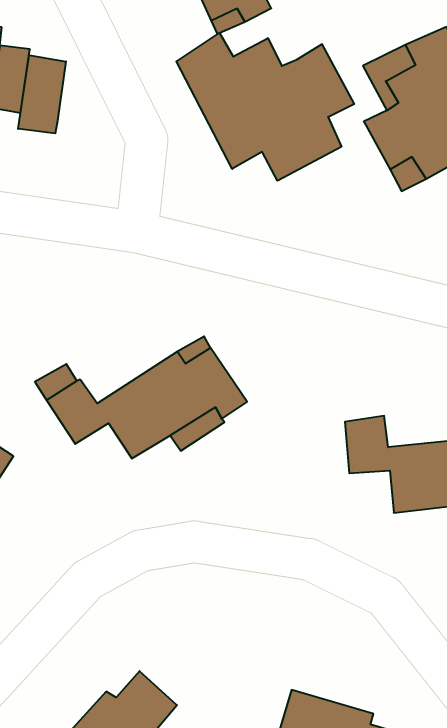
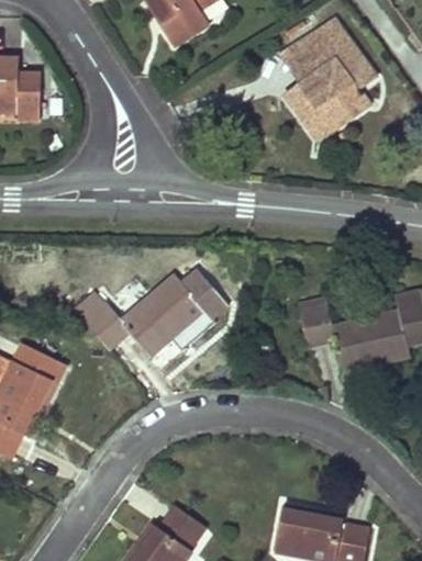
building: [176,33,354,181] -> none
building: [18,55,66,133] -> none

